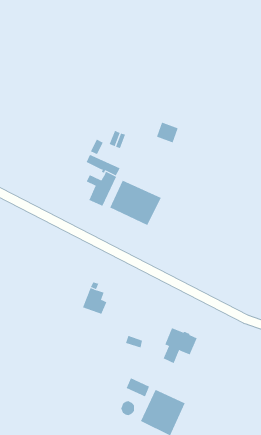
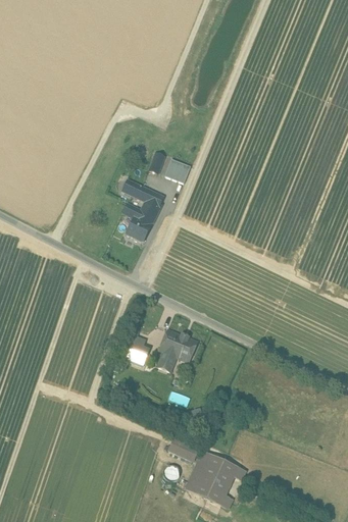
building: [156,122,178,143] -> [165,158,191,182]
building: [109,180,161,226] -> none
building: [163,328,197,364] -> [157,330,197,372]

